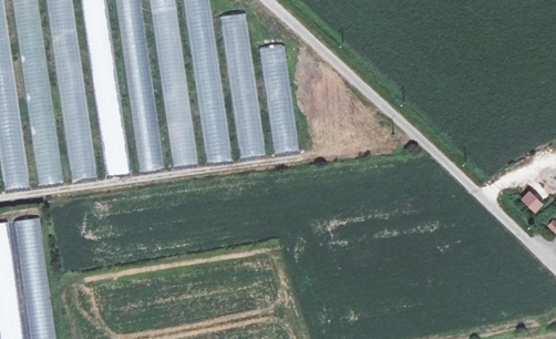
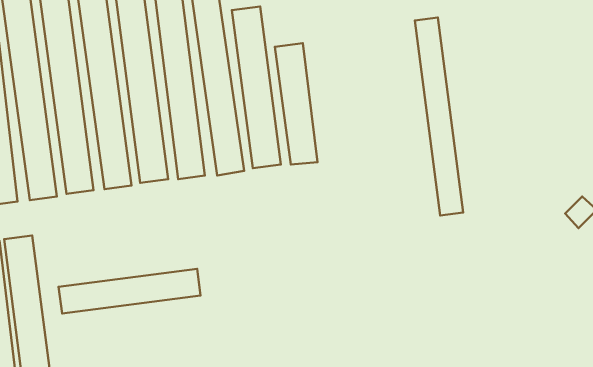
building: none -> [415,18,463,216]
building: none -> [59,269,201,314]

